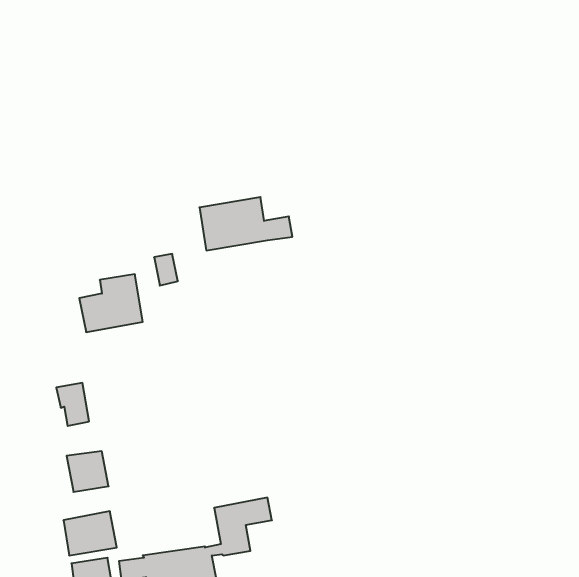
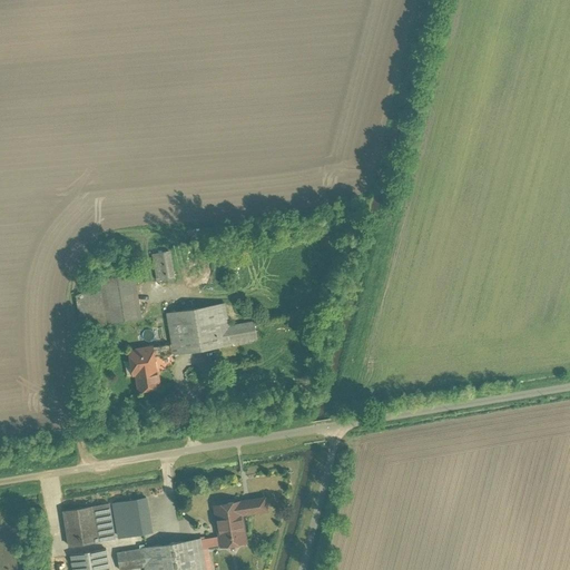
building: [199,197,292,250] -> [166,303,257,355]
building: [56,383,89,426] -> [126,351,158,393]
building: [67,451,109,492] -> [111,499,153,539]

